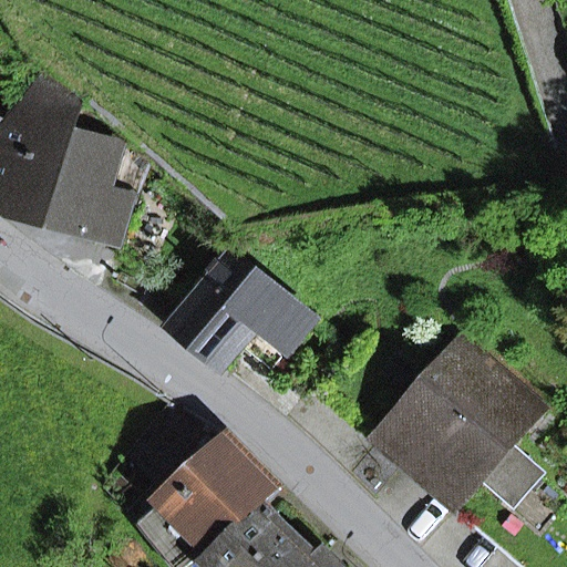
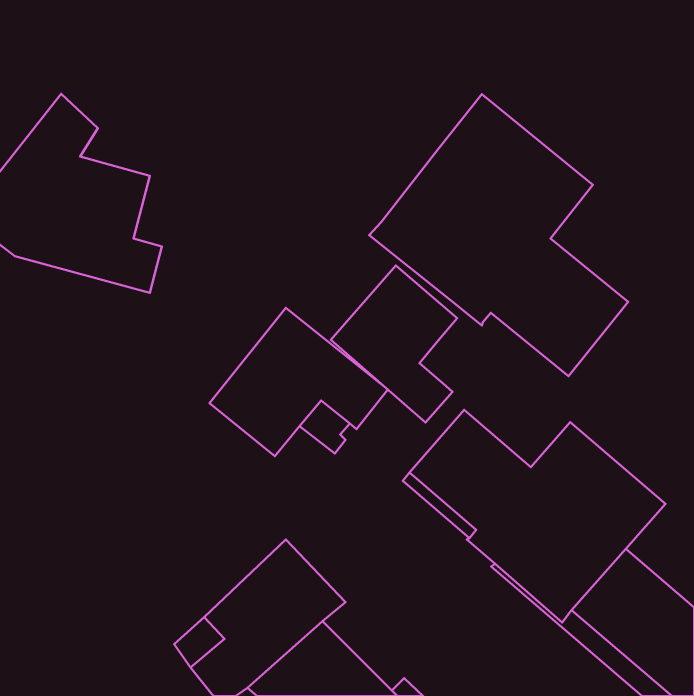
building: none -> [369,94,628,376]
building: none -> [331,265,457,423]

